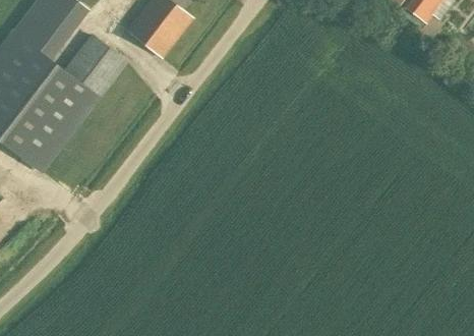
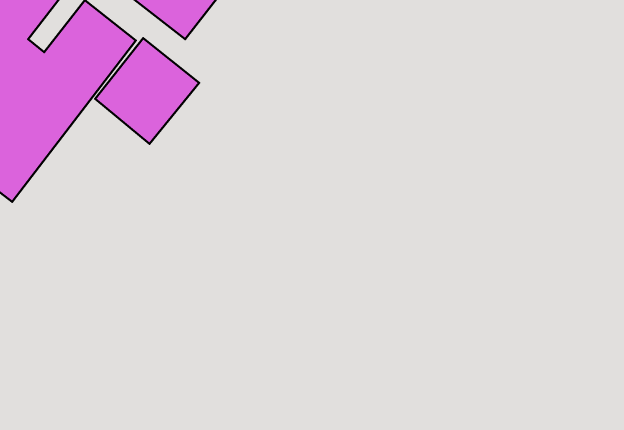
building: none -> [95,38,199,144]

